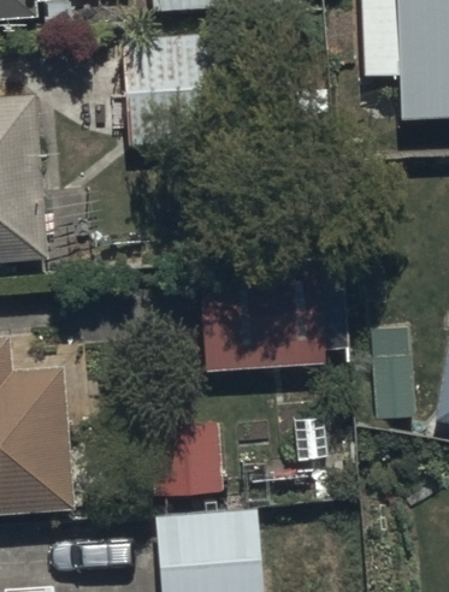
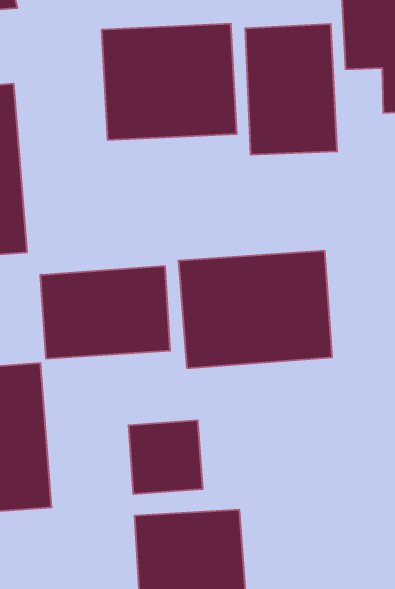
building: none -> [246,24,337,155]
building: none -> [40,266,170,359]

